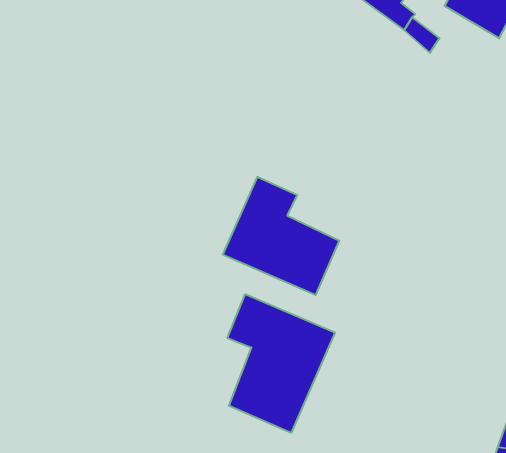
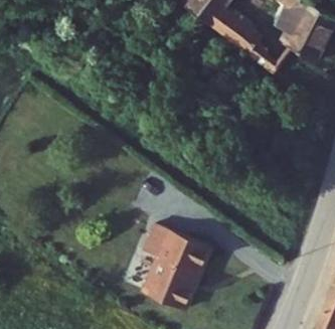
building: [223,177,339,295] -> none

